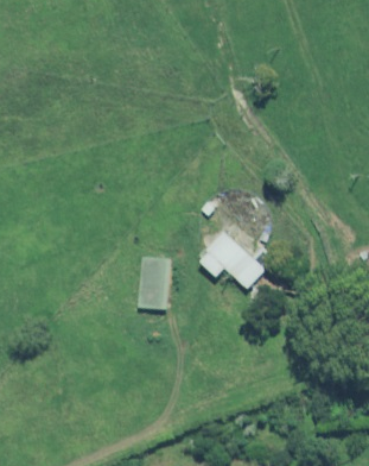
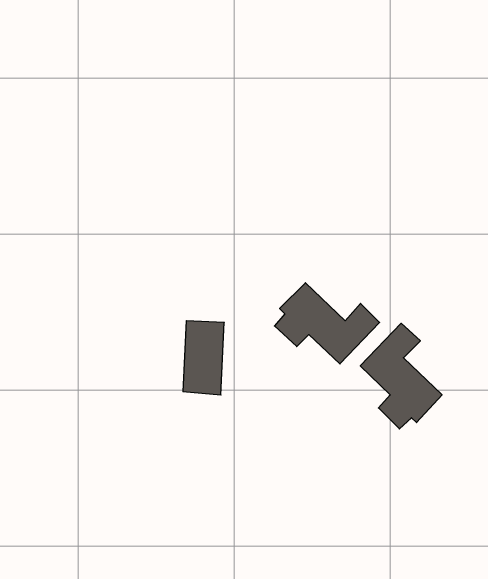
building: none -> [360,323,442,429]

